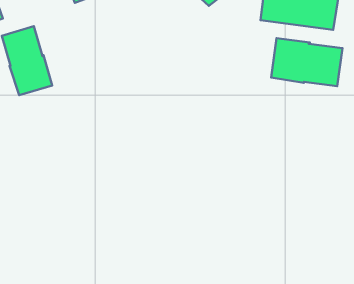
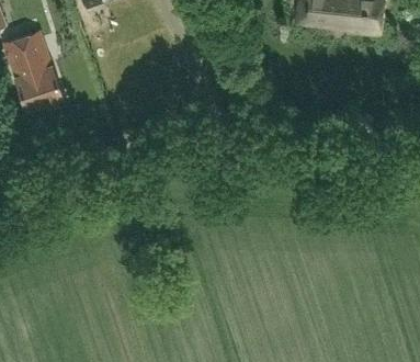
building: [271,38,342,86] -> none

